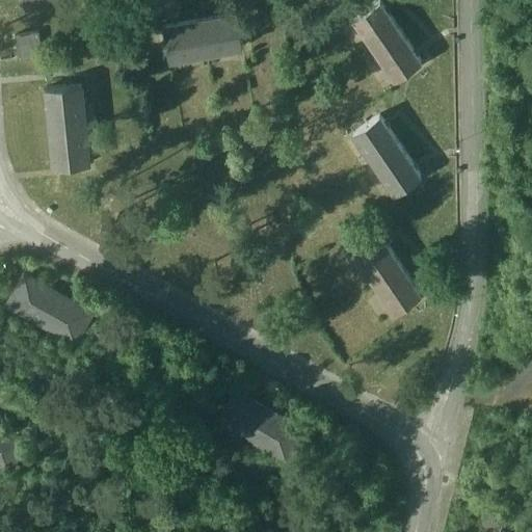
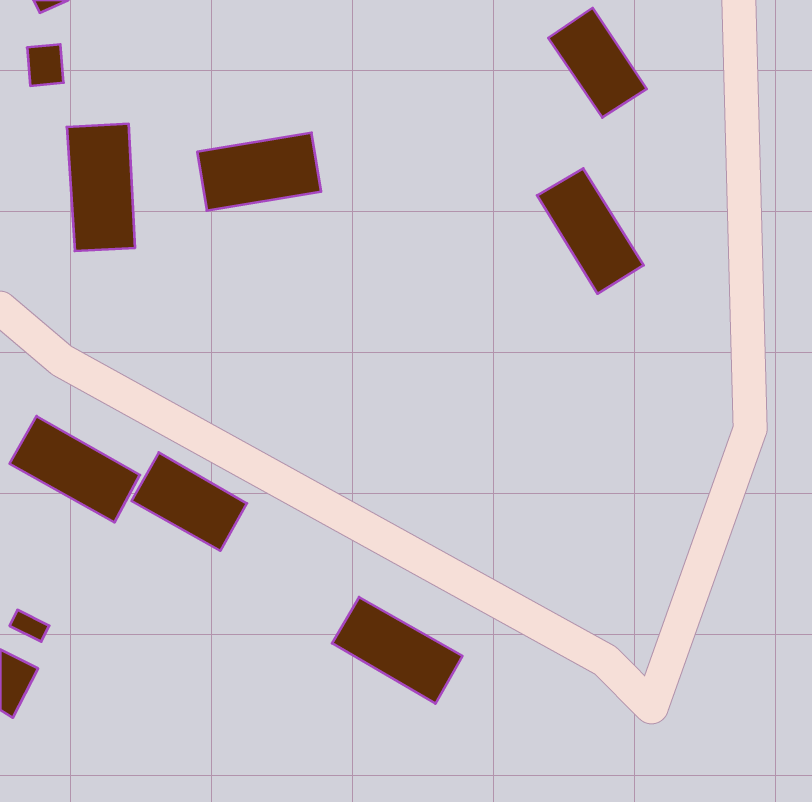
building: [162,15,243,65] -> [197,133,321,211]
building: [352,237,422,317] -> none
building: none -> [132,452,247,551]

